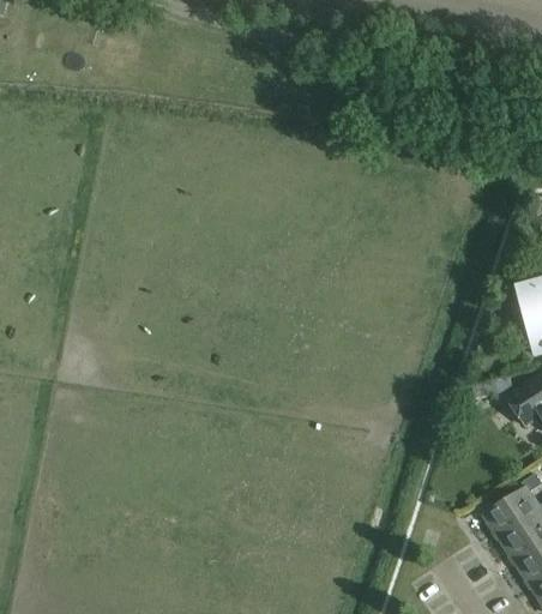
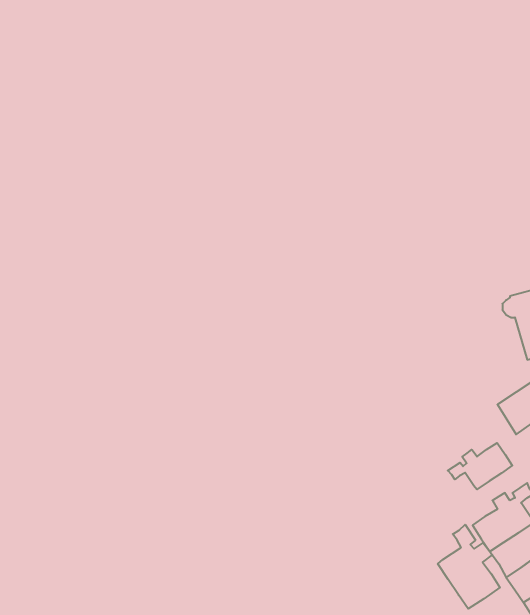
building: none -> [448,443,512,489]
building: none -> [438,525,500,609]

